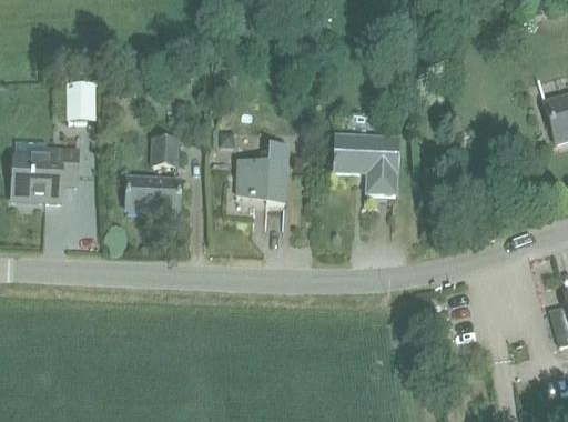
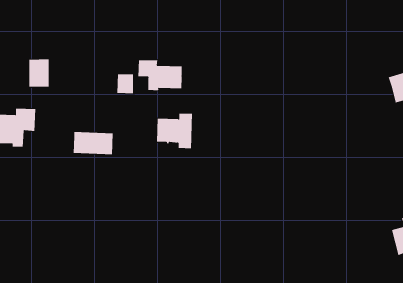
building: none -> [138,59,182,91]
building: [333,133,397,192] -> none
building: [151,138,174,164] -> [116,74,134,94]

